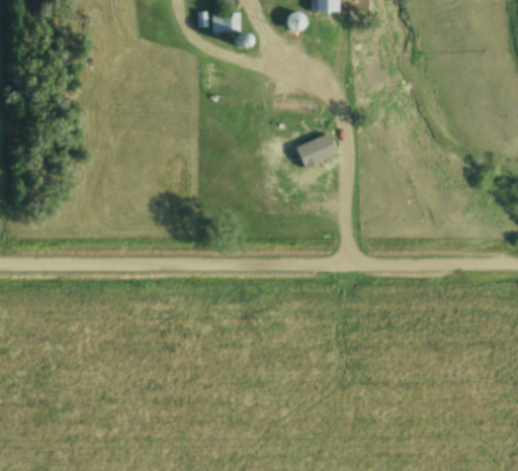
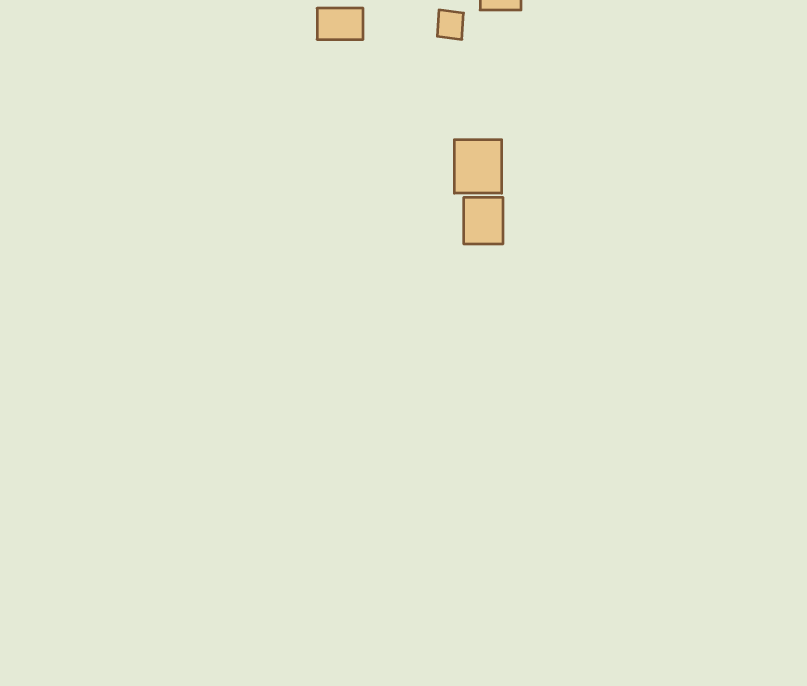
building: none -> [454,140,502,193]

